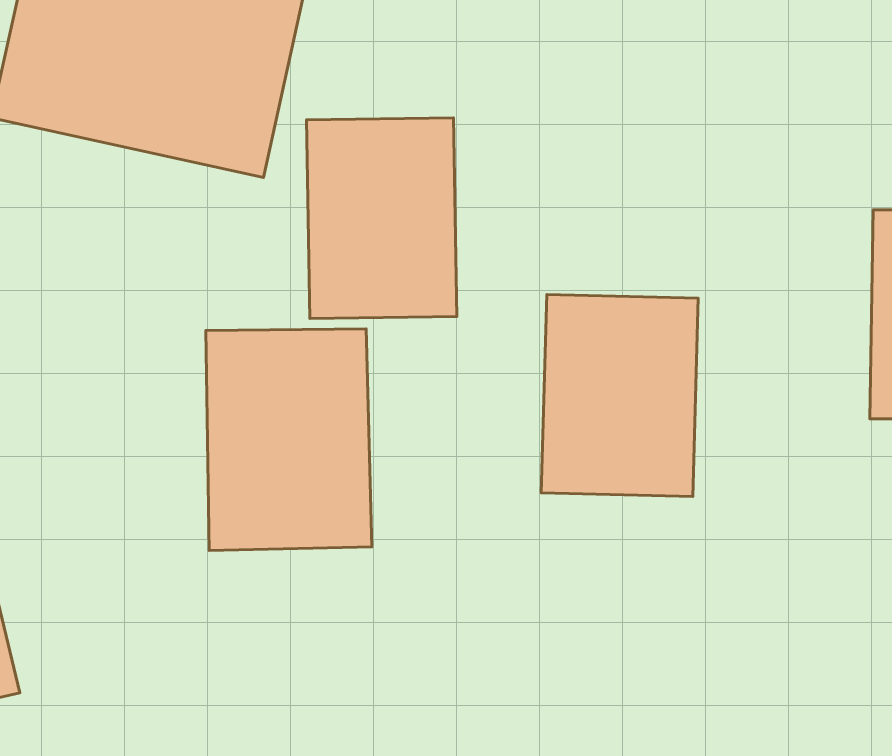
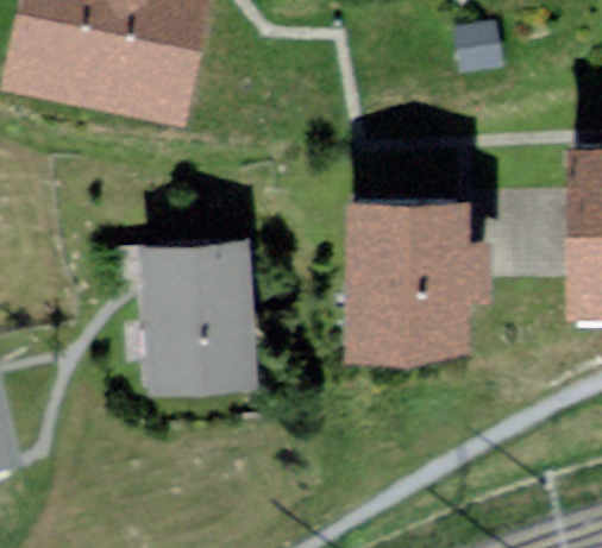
building: [307,118,457,319] -> none

